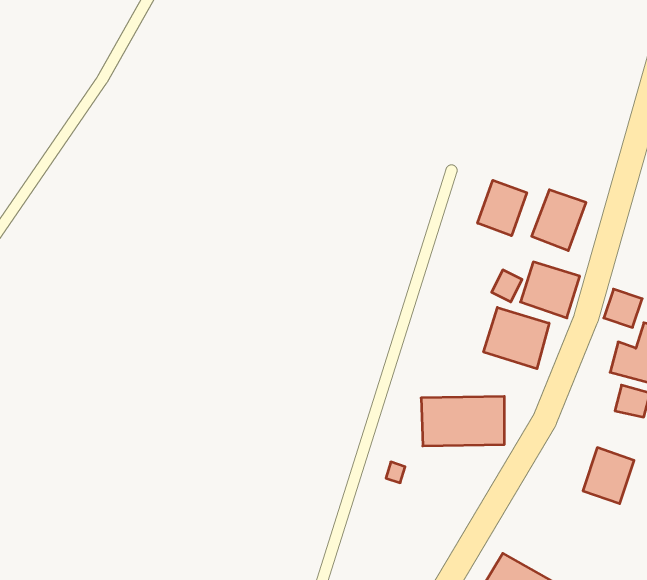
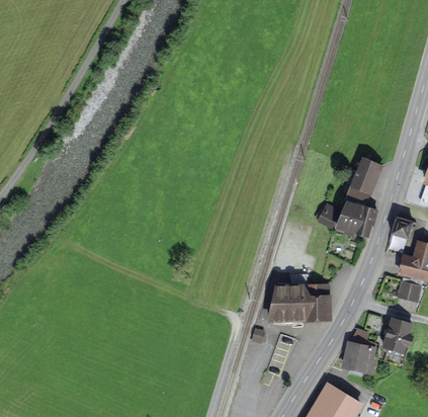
building: [478,180,527,236] -> none
building: [484,307,549,369] -> none
building: none -> [348,344,376,371]

